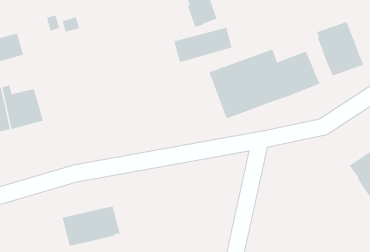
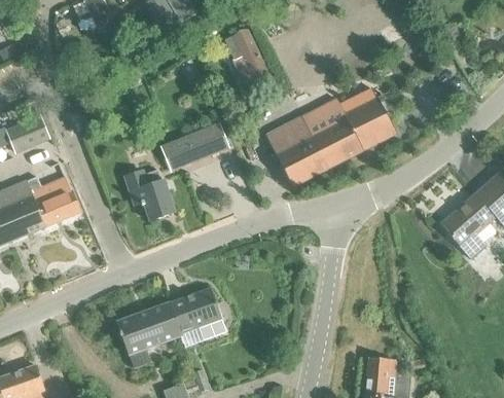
building: [316,21,364,77] -> none
building: [174,27,233,62] -> [159,123,228,171]
building: none -> [124,169,175,219]
building: none -> [174,287,227,338]

